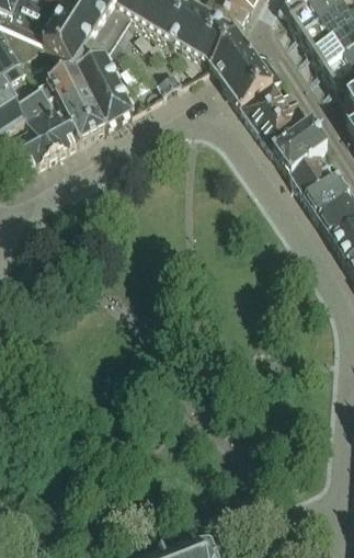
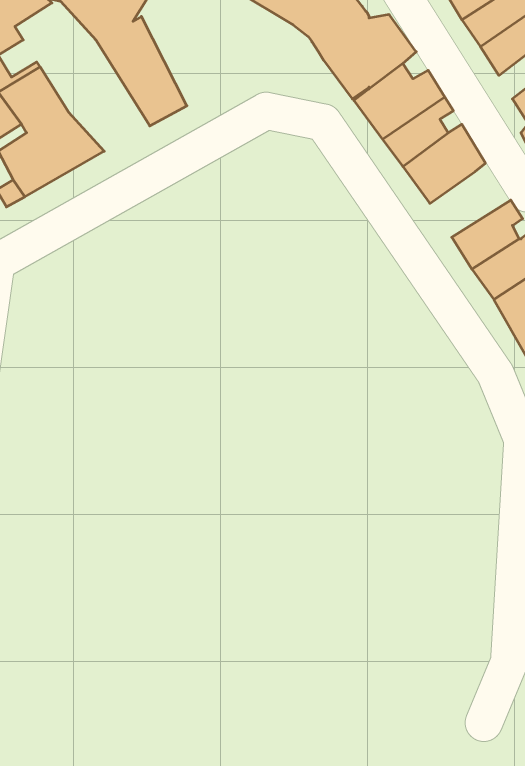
building: [37,65,104,136] -> none
building: [290,149,343,192] -> none

